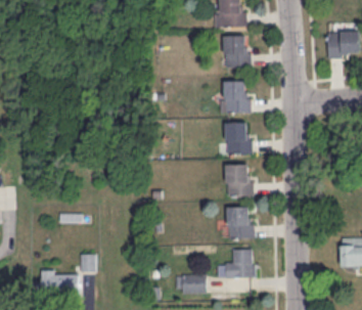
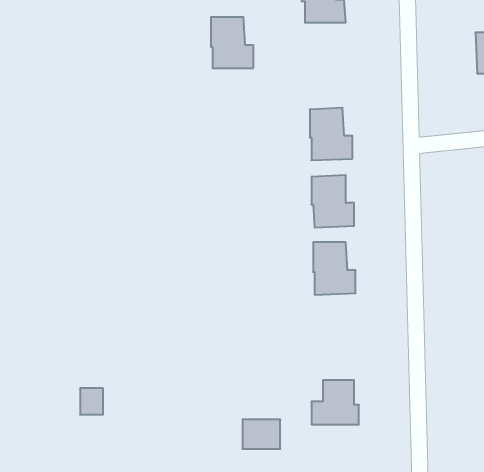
building: [224,35,251,67] -> [211,17,253,68]
building: [227,207,254,238] -> none
building: [41,271,78,294] -> none

